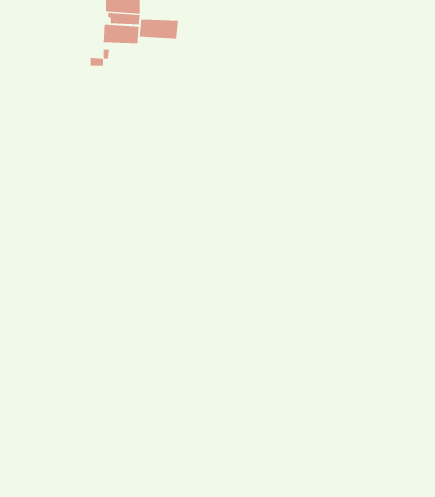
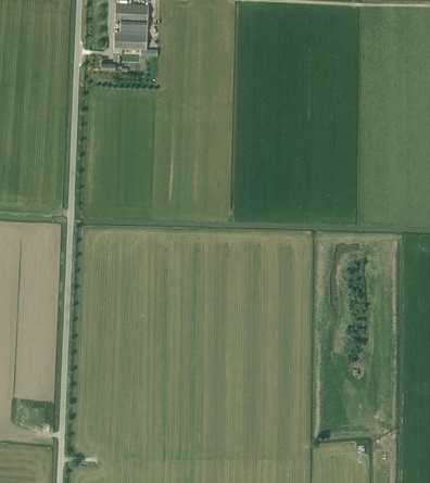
building: [139,19,179,40] -> none

